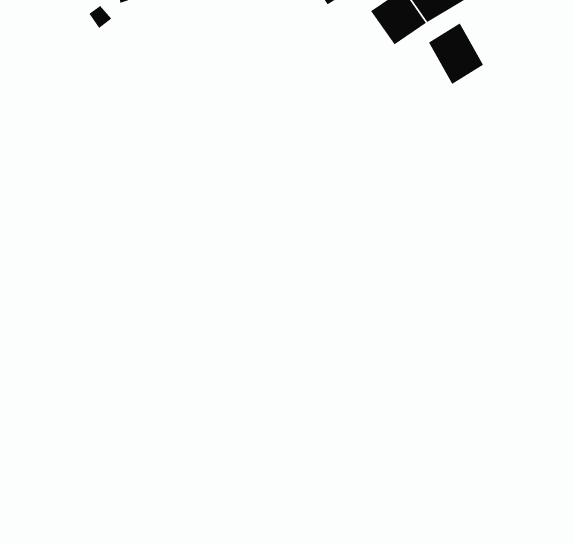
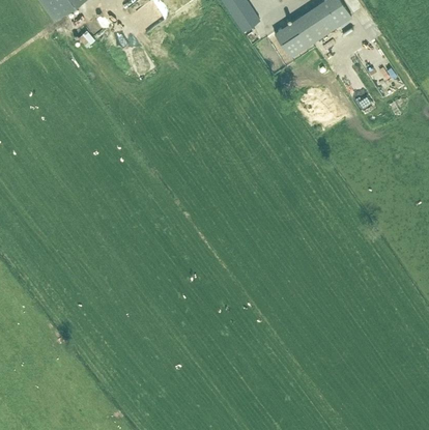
building: [428,23,484,85] -> none

